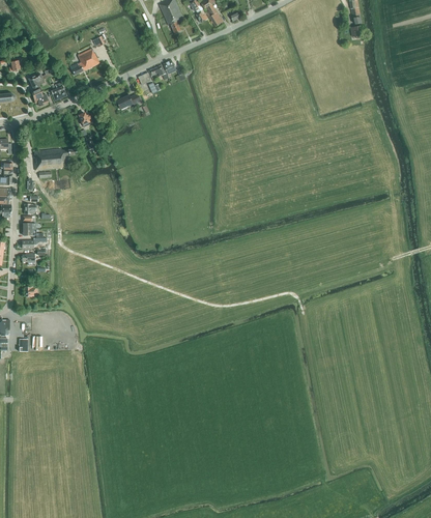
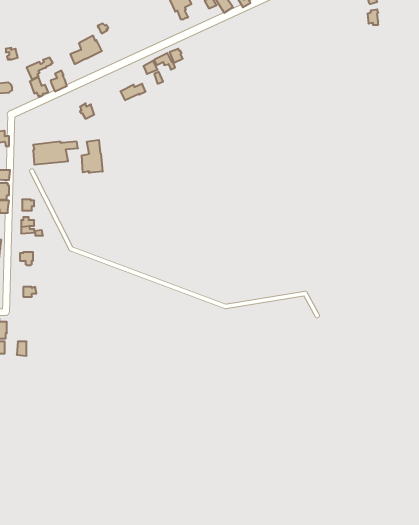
building: none -> [82,140,103,173]

